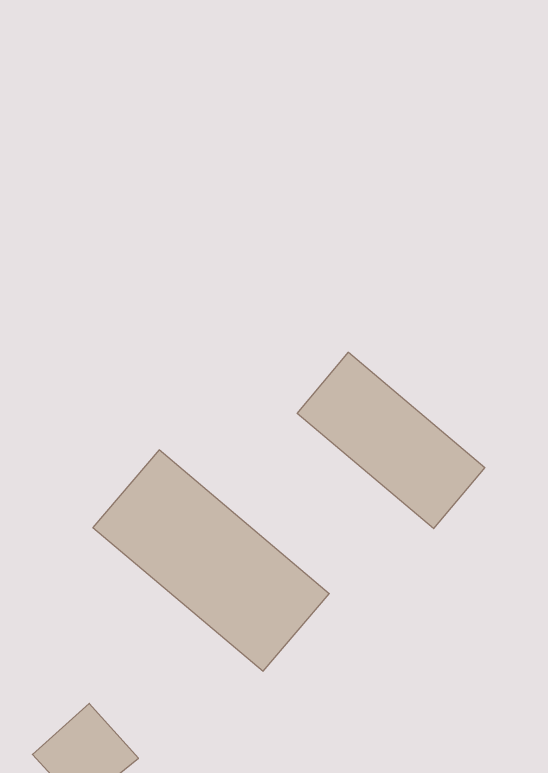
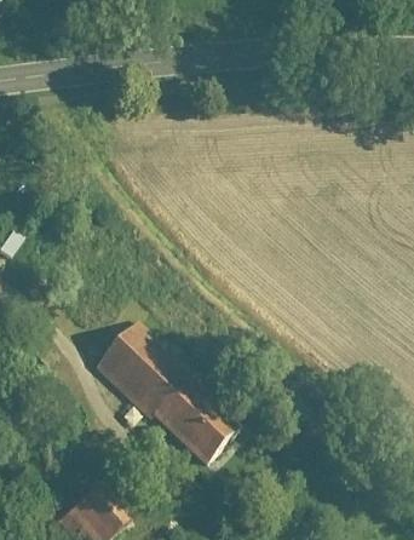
building: [297,352,485,529] -> none

